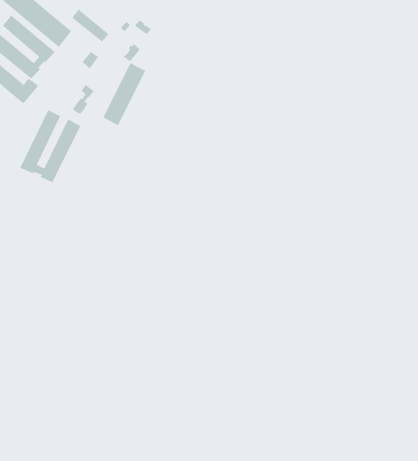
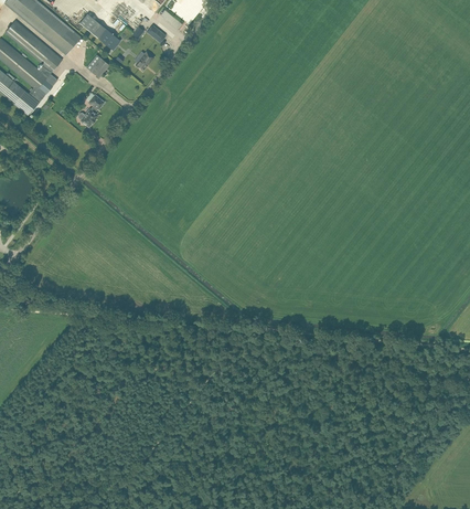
building: [102,62,146,126] -> none
building: [19,109,81,185] -> none

